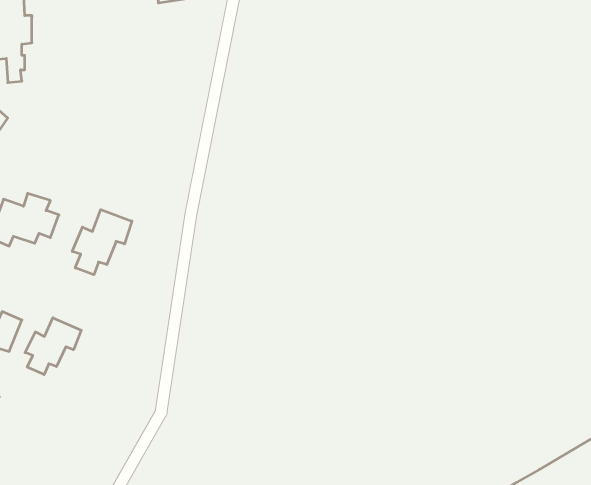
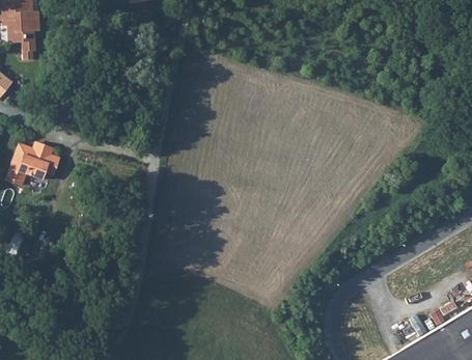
building: [72,210,132,275] -> none
building: [25,318,81,375] -> none

